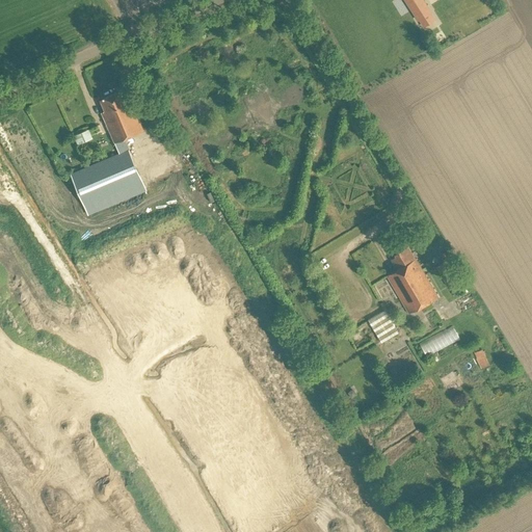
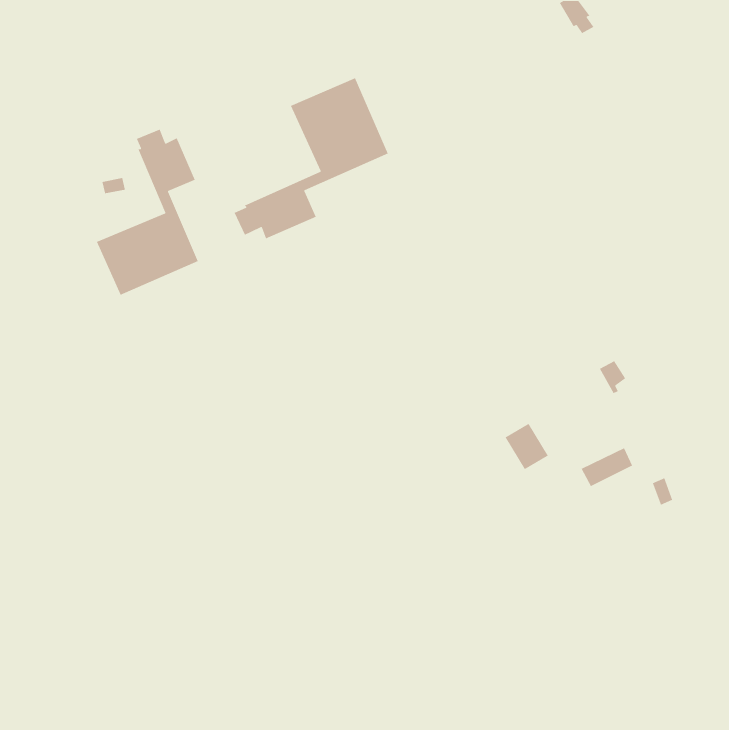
building: none -> [234,77,389,240]
building: [385,247,437,314] -> none

